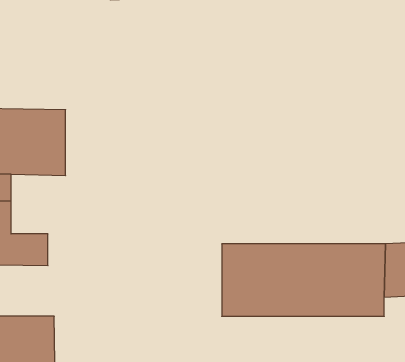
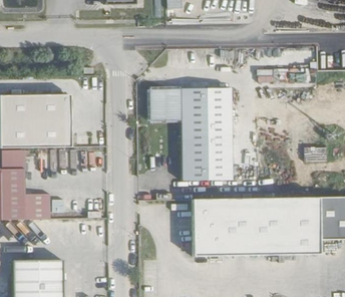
building: none -> [152,89,234,181]

